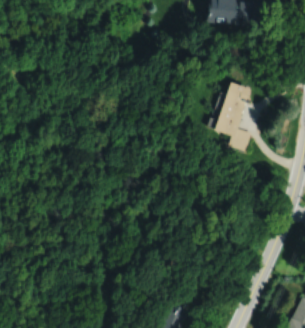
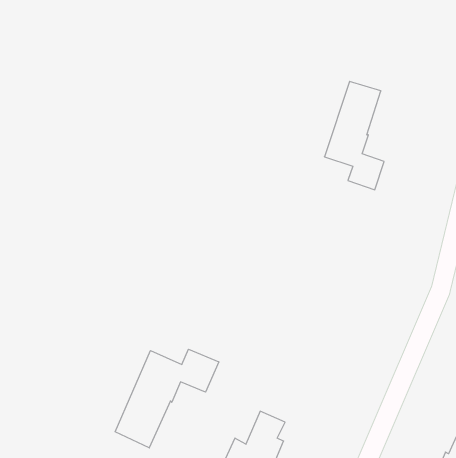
building: none -> [115,349,219,448]

